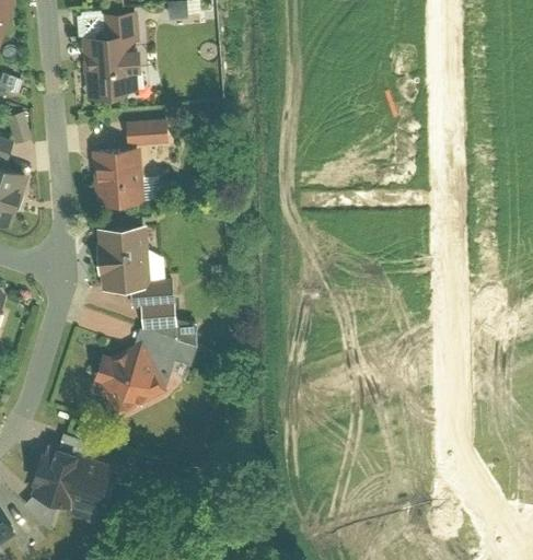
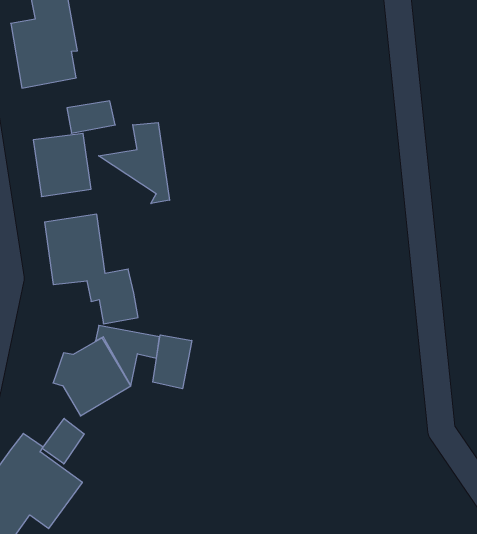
building: none -> [99,123,170,204]
building: none -> [153,335,192,389]
building: none -> [42,418,84,464]

